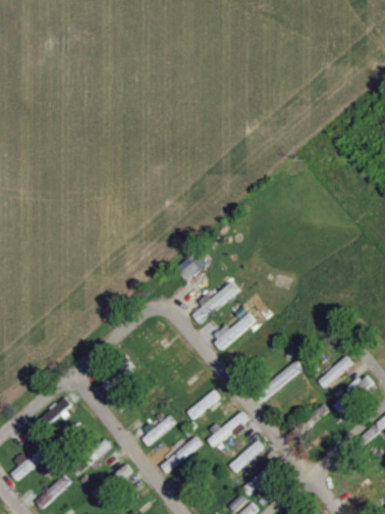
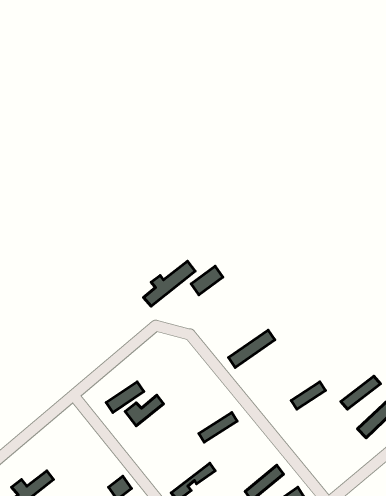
building: [191,281,239,323] -> [144,261,195,306]
building: [33,398,74,434] -> none
building: [207,409,250,448] -> none
building: [140,415,175,444] -> [125,395,164,426]

